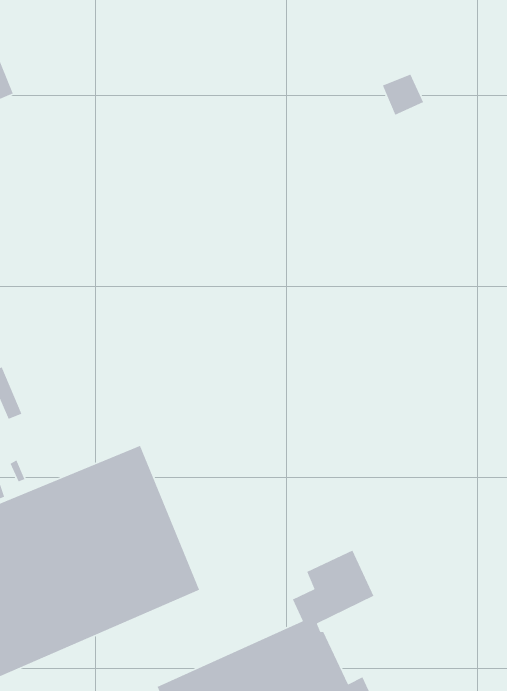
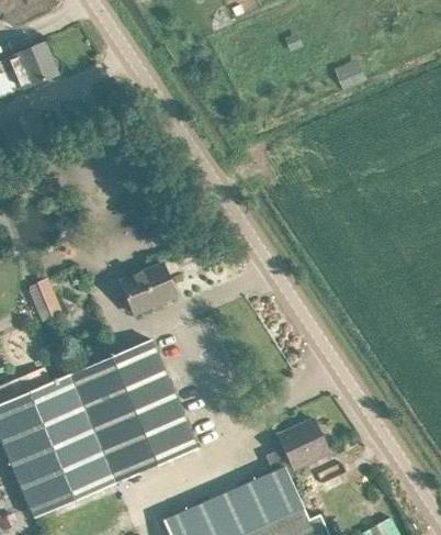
building: none -> [121,264,177,314]

